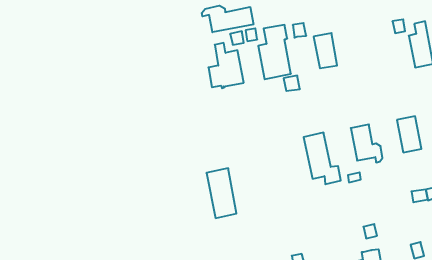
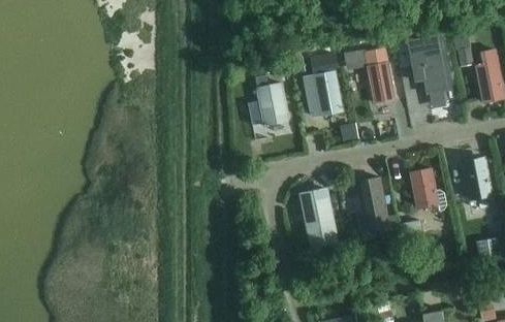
building: [202,6,253,32] -> none
building: none -> [408,35,448,93]
building: [206,168,236,218] -> [303,189,337,246]

